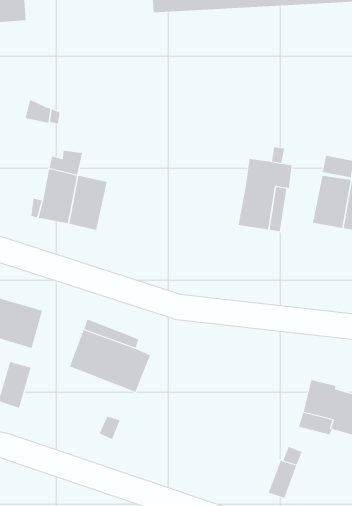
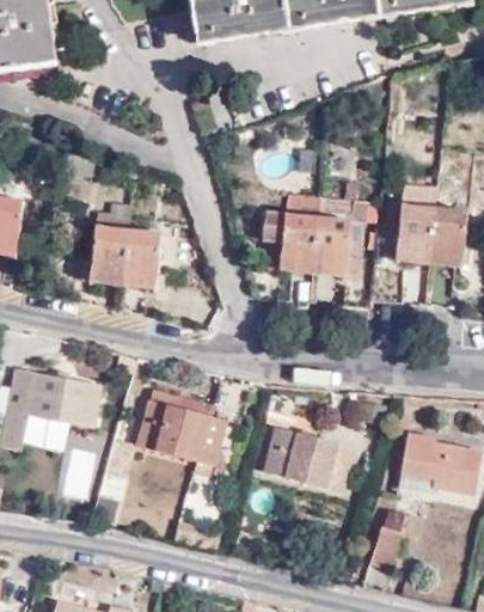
building: none -> [277,212,315,270]
building: none -> [264,428,355,494]

